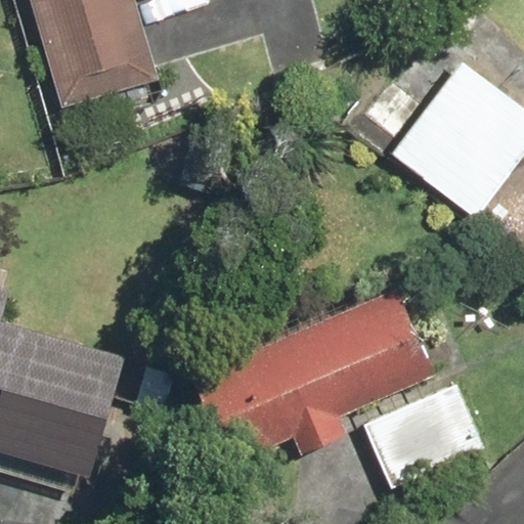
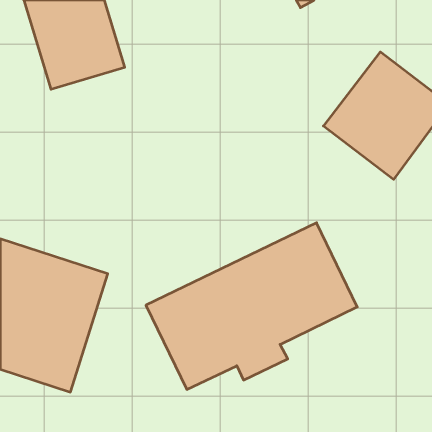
building: [362,387,484,483] -> none

